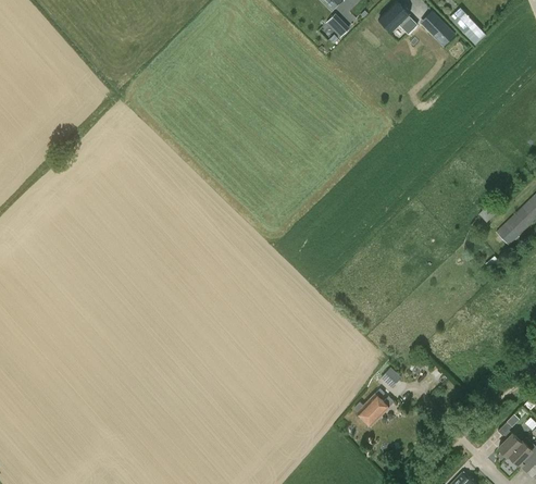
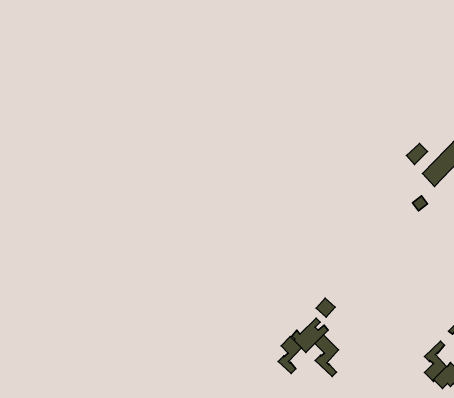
building: none -> [315,335,338,377]
building: none -> [278,337,302,373]

